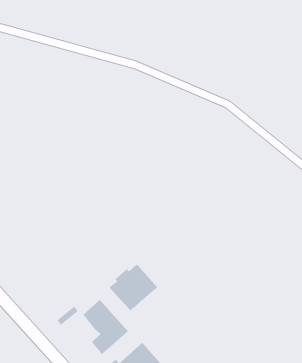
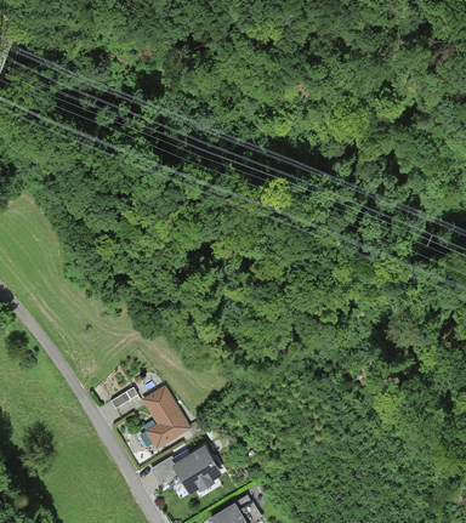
building: [109,264,158,311] -> none

